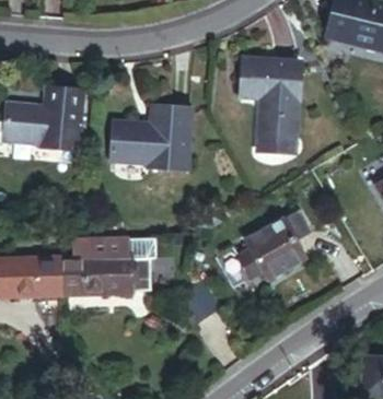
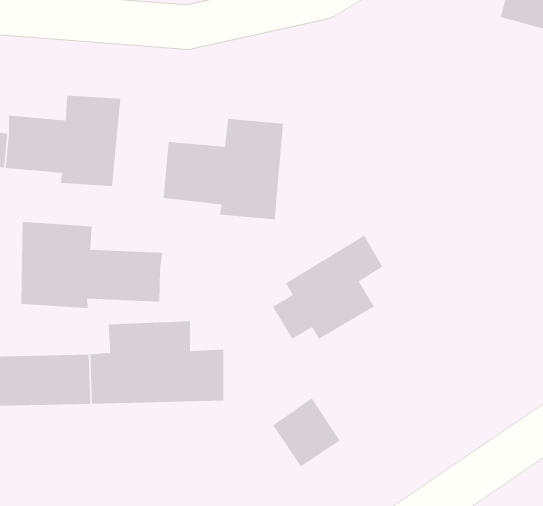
building: [240,58,300,140] -> none
building: none -> [21,221,163,309]
building: [237,210,311,279] -> [272,235,383,340]

